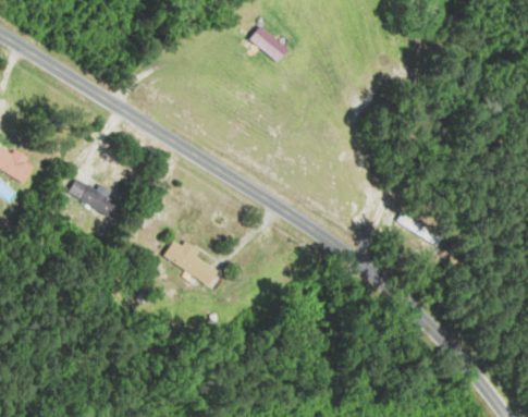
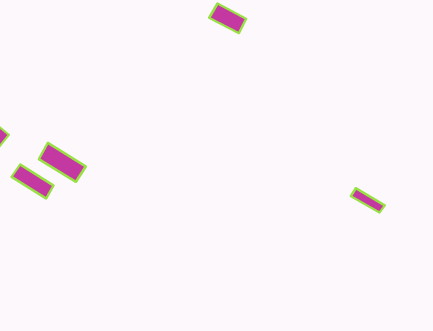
building: none -> [12,164,54,198]
building: [163,240,216,282] -> none

